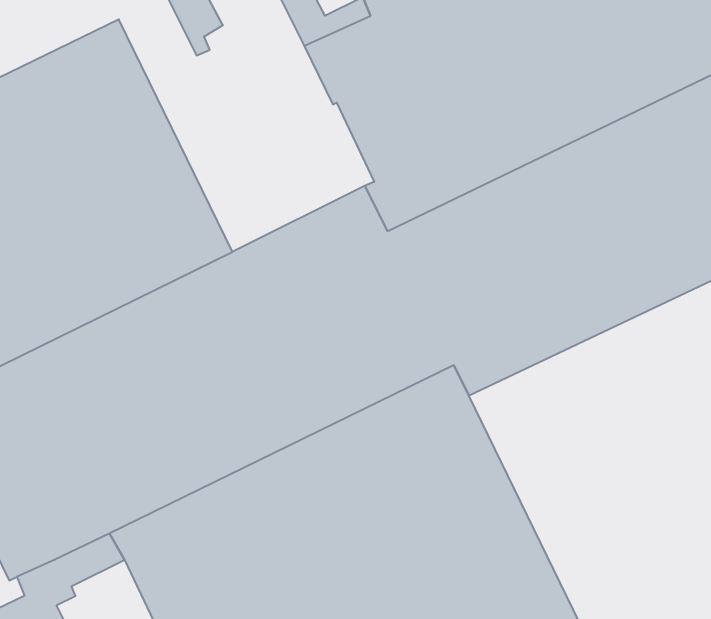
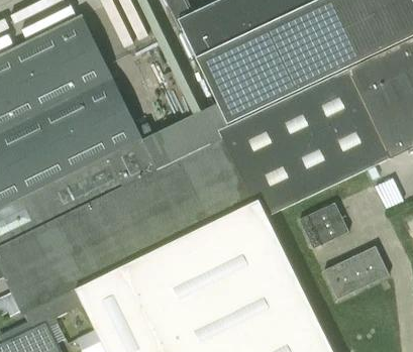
building: none -> [298,203,347,248]
building: none -> [322,246,388,299]

